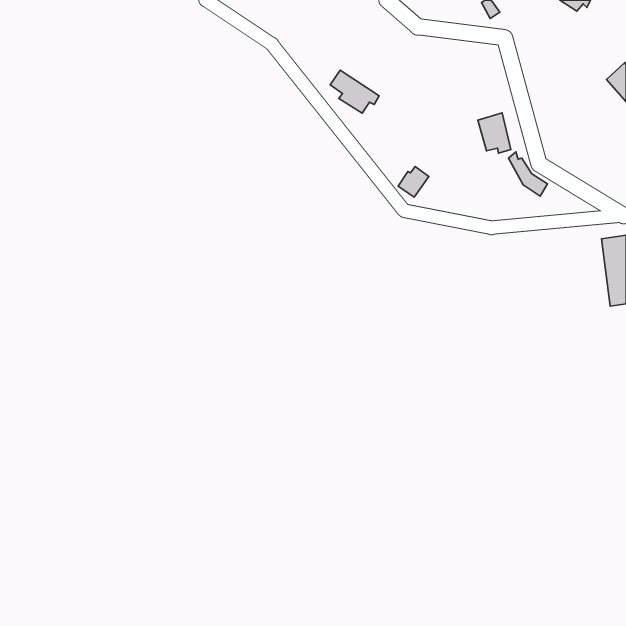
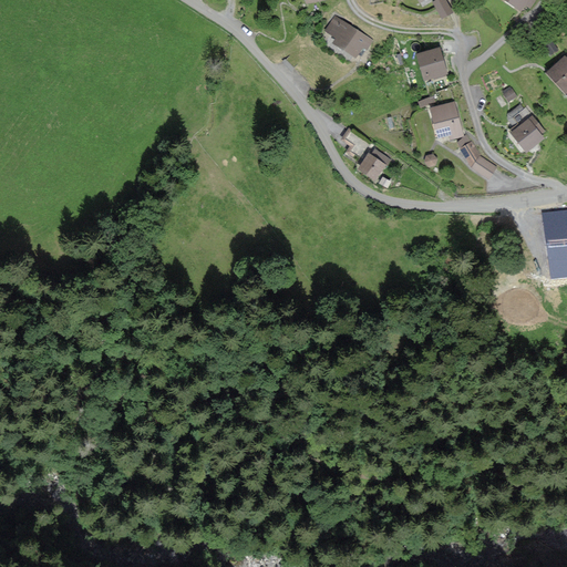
building: none -> [419,49,446,79]
building: [330,70,379,113] -> [327,17,371,55]
building: none -> [513,117,544,151]

